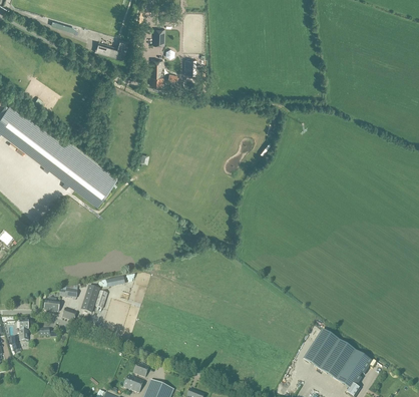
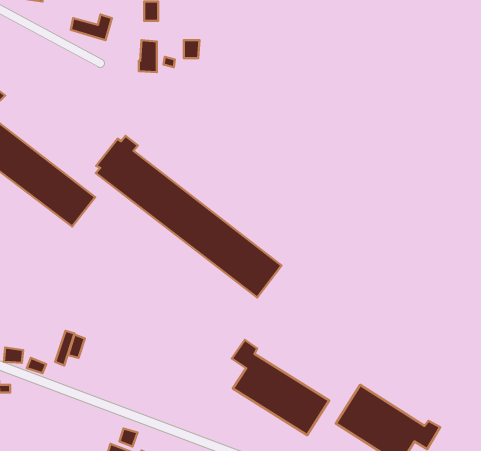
building: none -> [96,136,281,298]
building: none -> [232,340,329,435]

